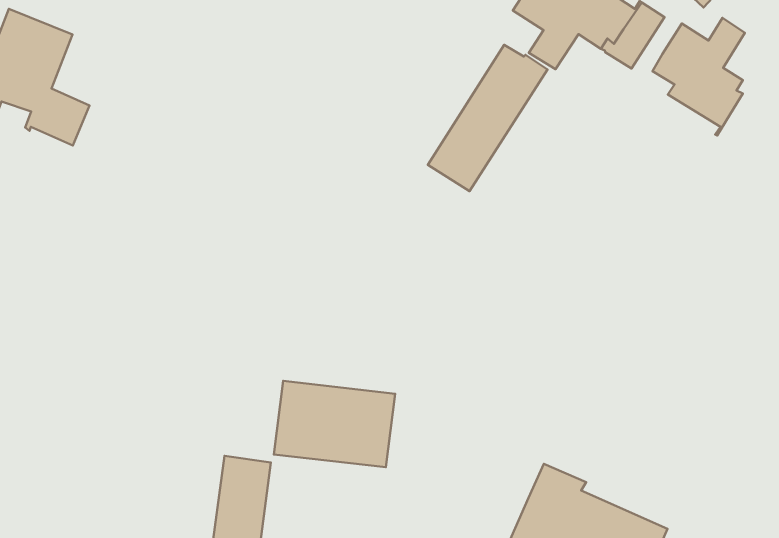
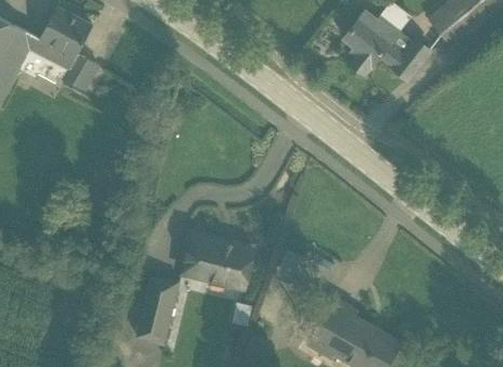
building: [652,18,745,136] -> none
building: [428,45,548,191] -> none

